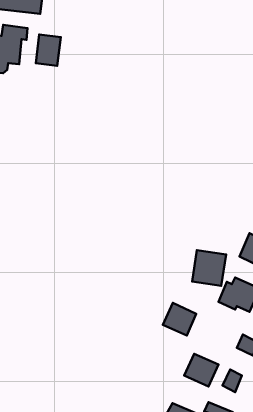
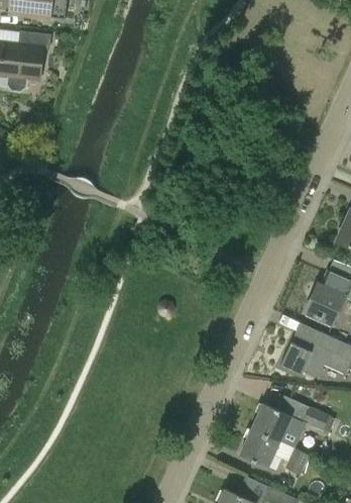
building: [36,34,61,66] -> none
building: [192,250,226,286] -> none
building: [163,303,196,336] -> [251,402,291,441]

